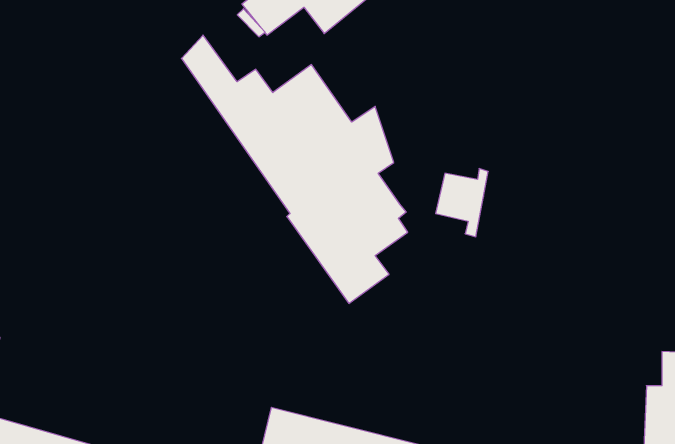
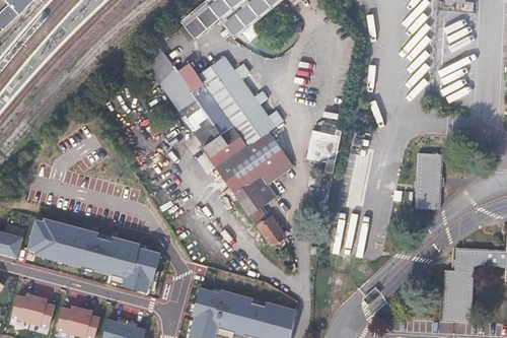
building: none -> [416,153,443,210]
building: none -> [258,215,287,248]
building: none -> [26,216,159,294]

